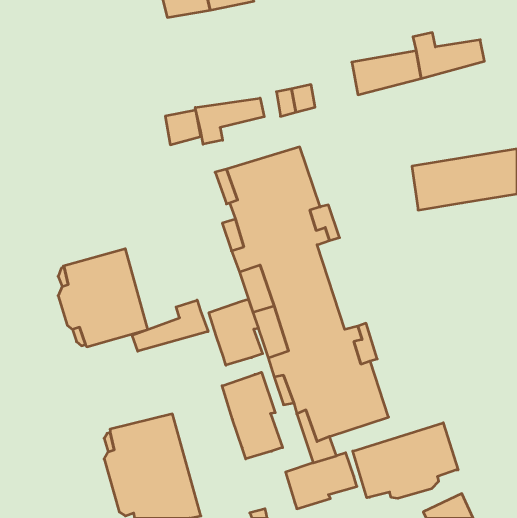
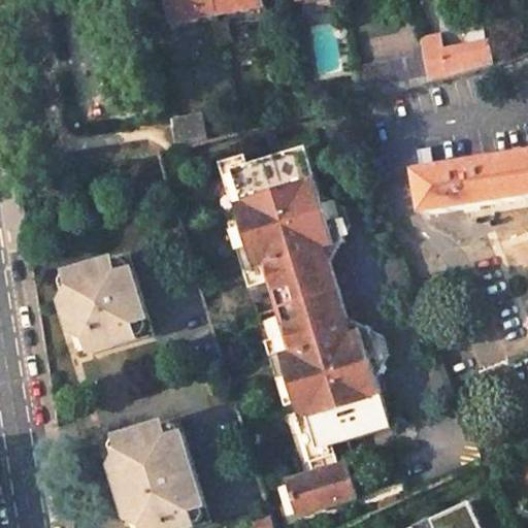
building: [195,98,264,144] -> none
building: [209,299,263,365] -> none
building: [132,300,208,351] -> none
building: [222,372,283,459] -> none
building: [353,423,458,498] -> none

